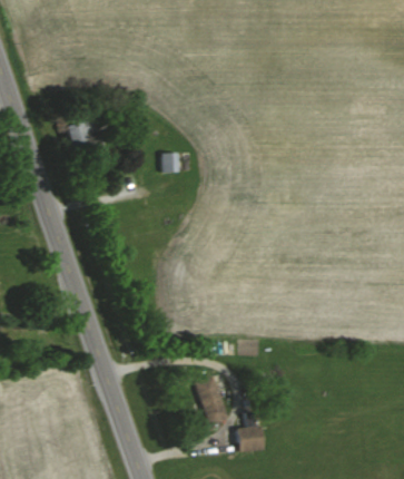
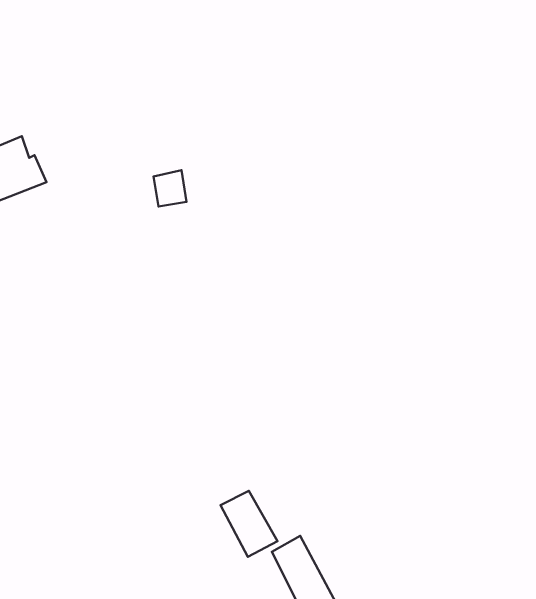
building: none -> [220,491,278,557]

